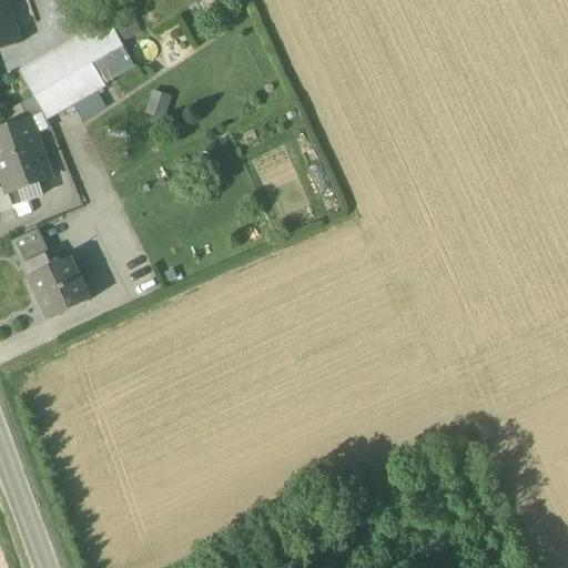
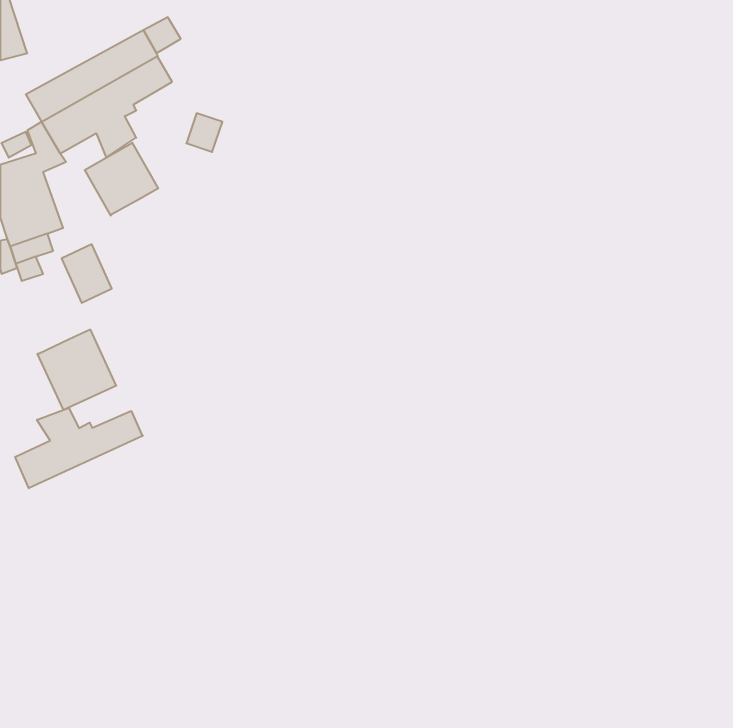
building: none -> [85,143,158,216]
building: [14,229,53,274] -> [62,244,112,303]
building: none -> [15,408,143,488]

